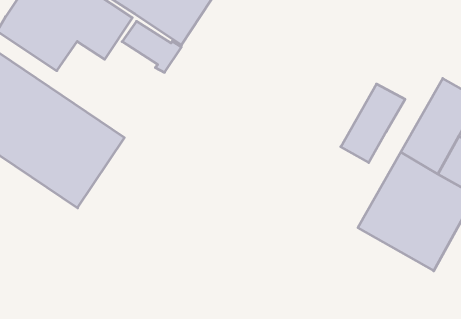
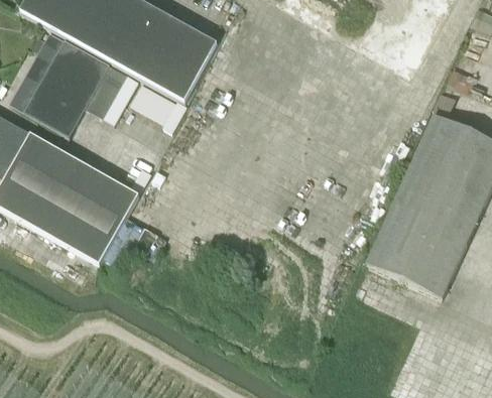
building: [341,84,405,163] -> none

